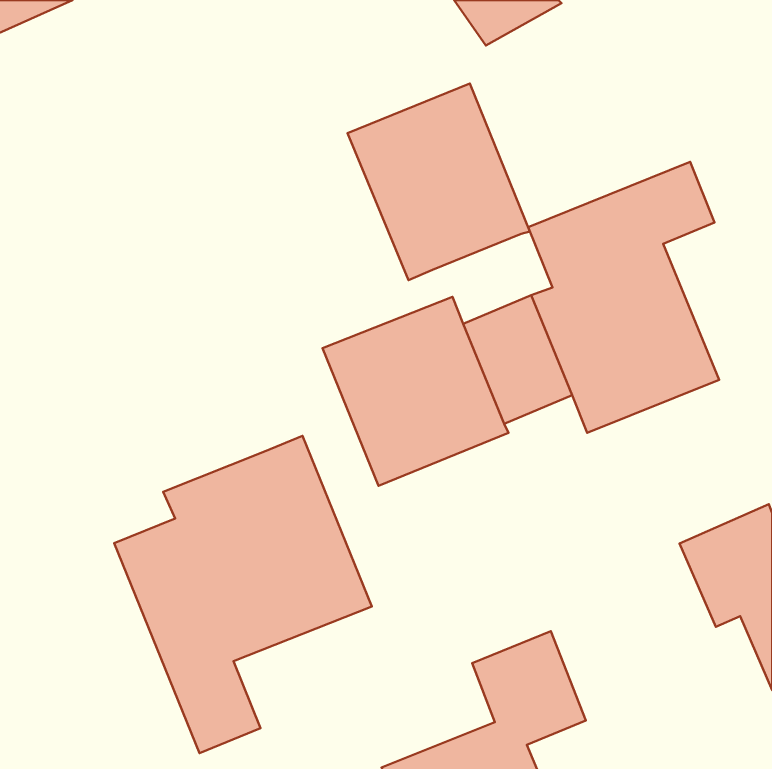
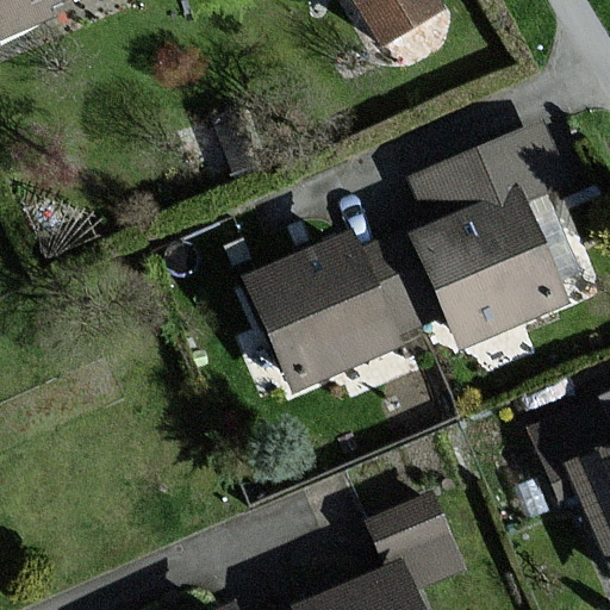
building: [348,84,530,280] -> none
building: [114,436,372,753] -> none

